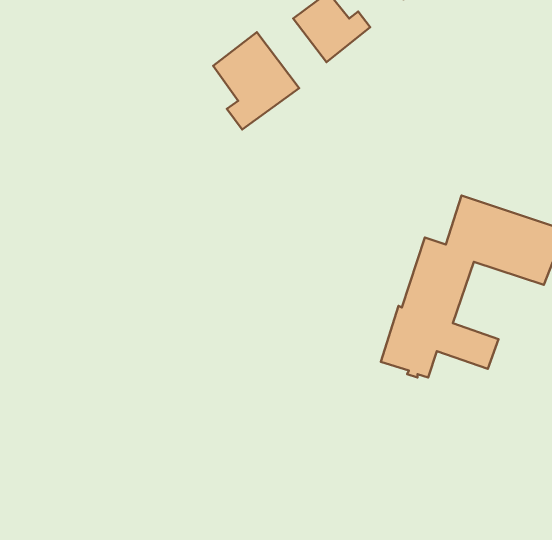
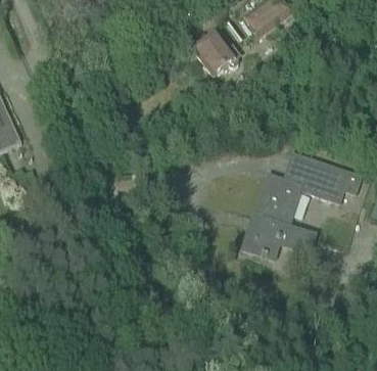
building: [213,32,299,129] -> none

